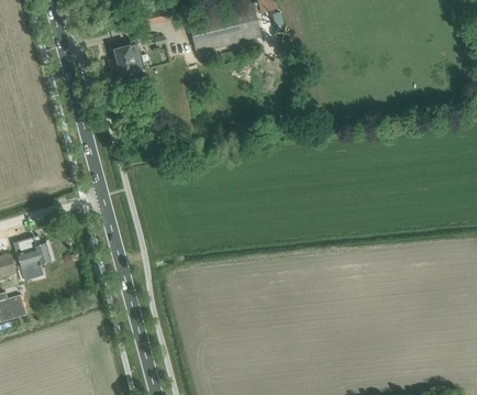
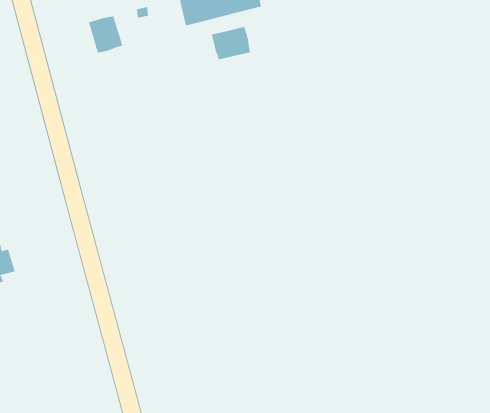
building: none -> [211,26,251,60]

